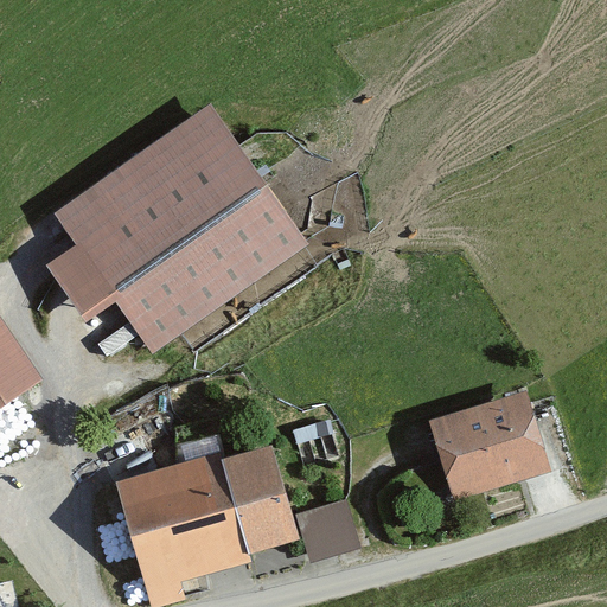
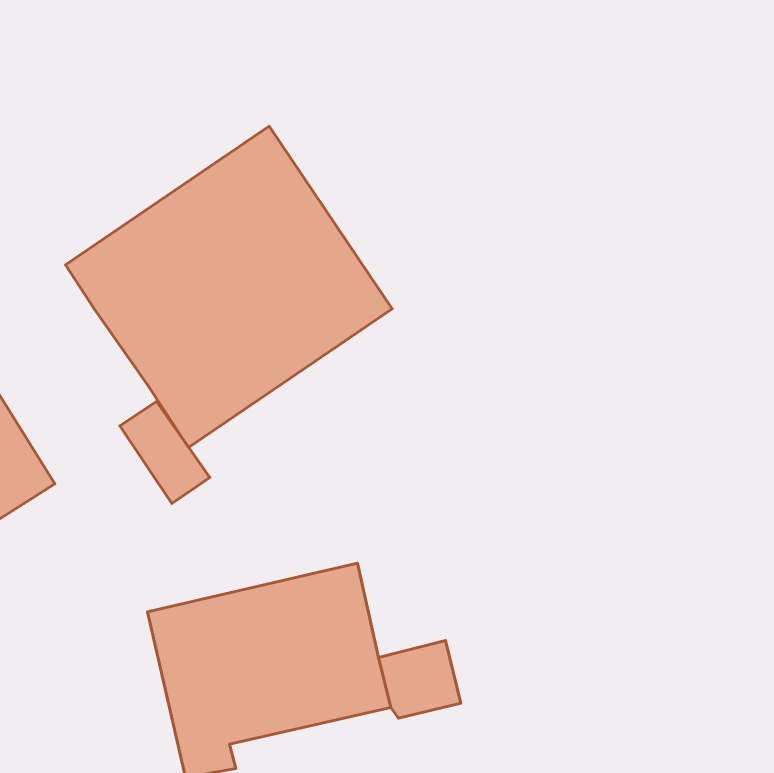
building: [45,244,115,324] -> [120,401,210,503]
building: [429,389,550,498] -> none

